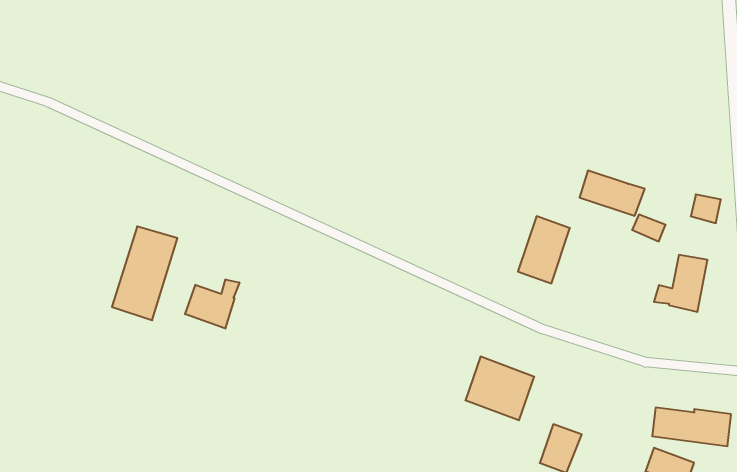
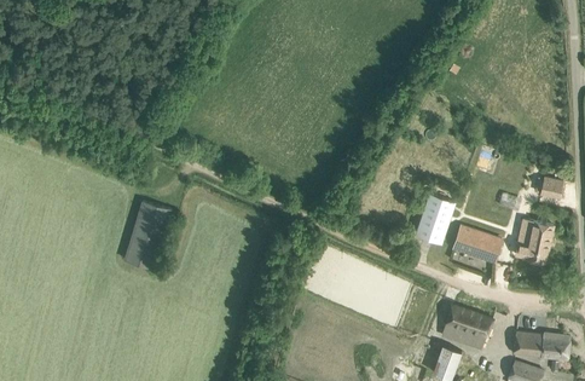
building: [579,171,645,216] -> [453,227,500,260]
building: [185,279,239,329] -> none
building: [465,357,534,420] -> [441,304,491,350]

